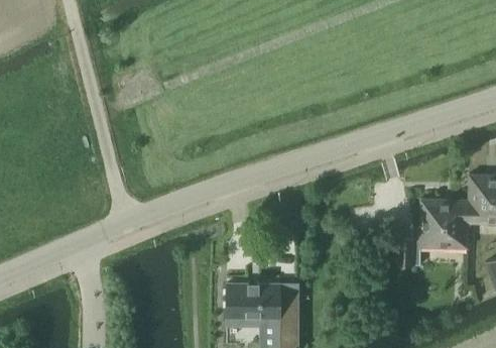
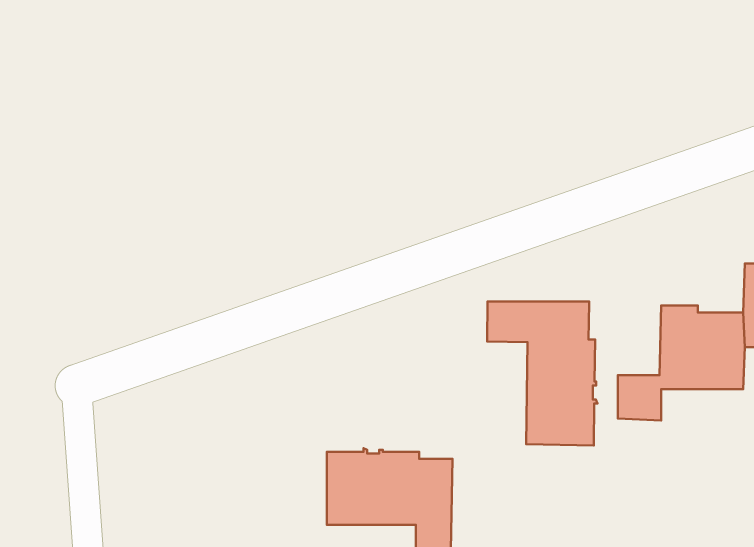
building: none -> [487,301,598,445]

